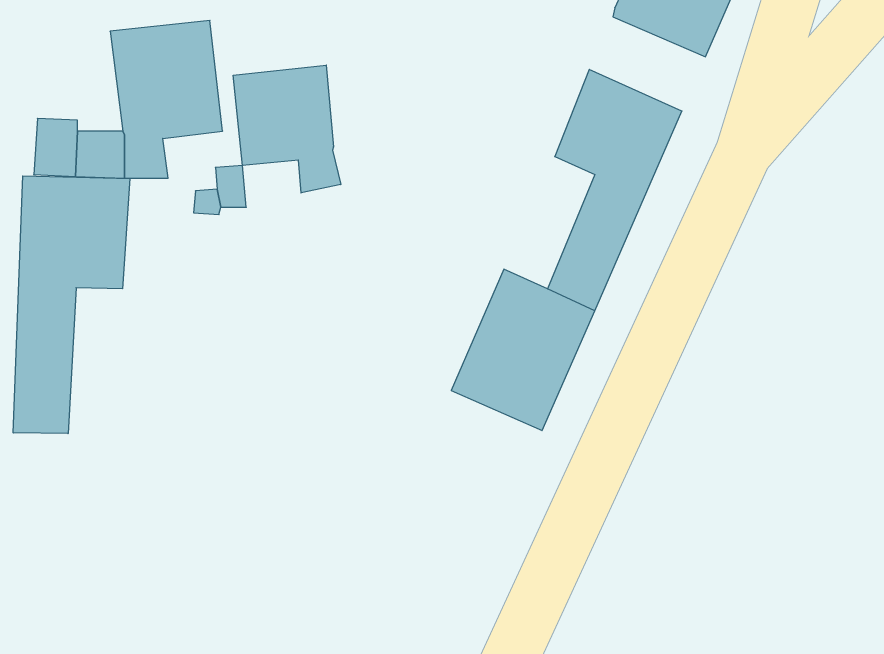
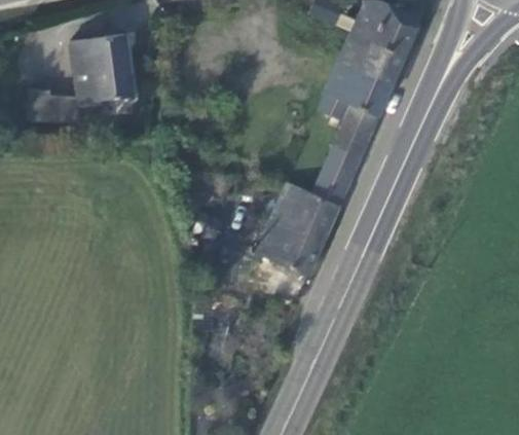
building: none -> [339,32,405,85]
building: [233,65,341,193] -> none
building: [13,176,130,434] -> none

